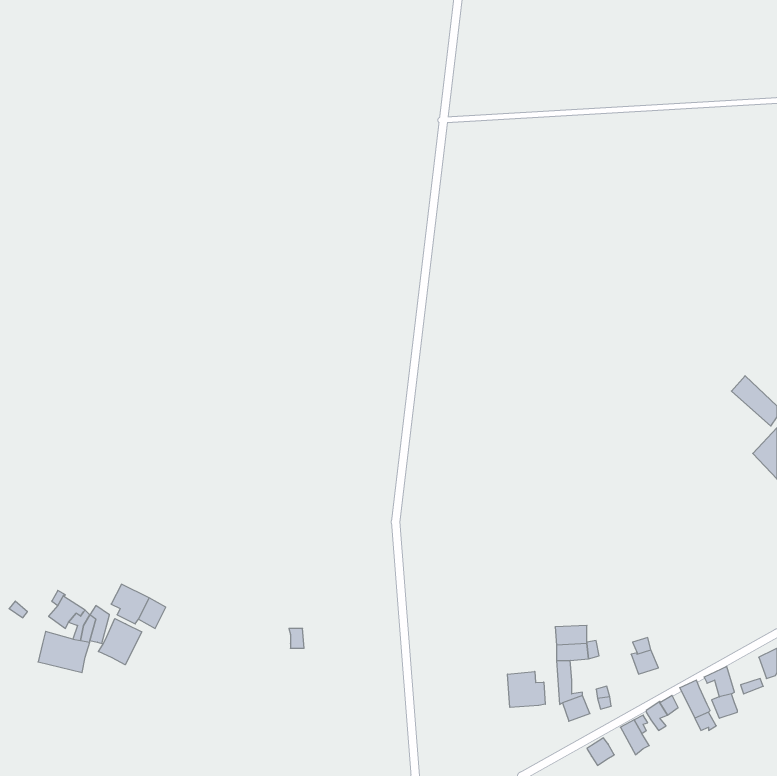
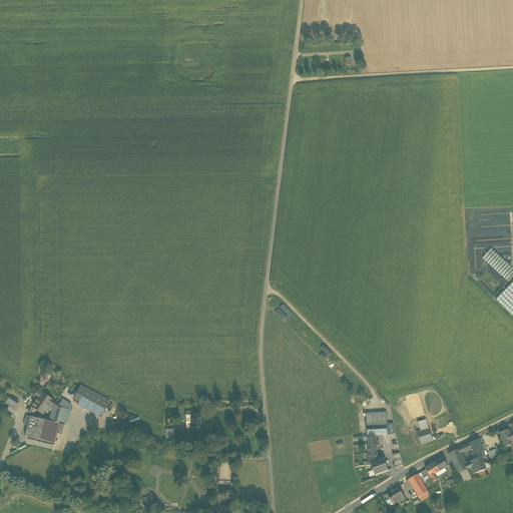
building: [98,619,142,665] -> none
building: [508,671,545,707] -> none

